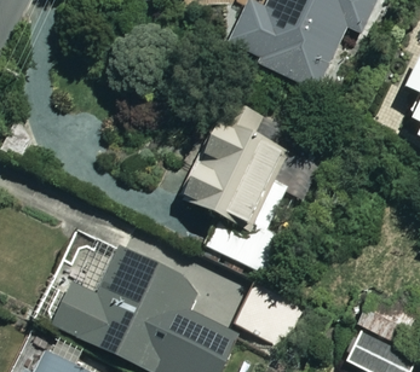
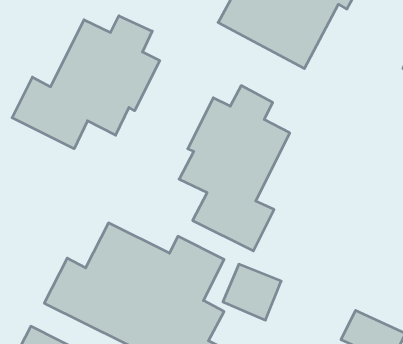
building: none -> [12,16,160,149]

